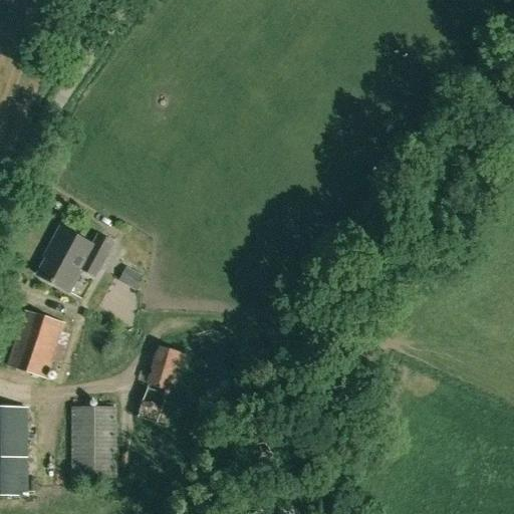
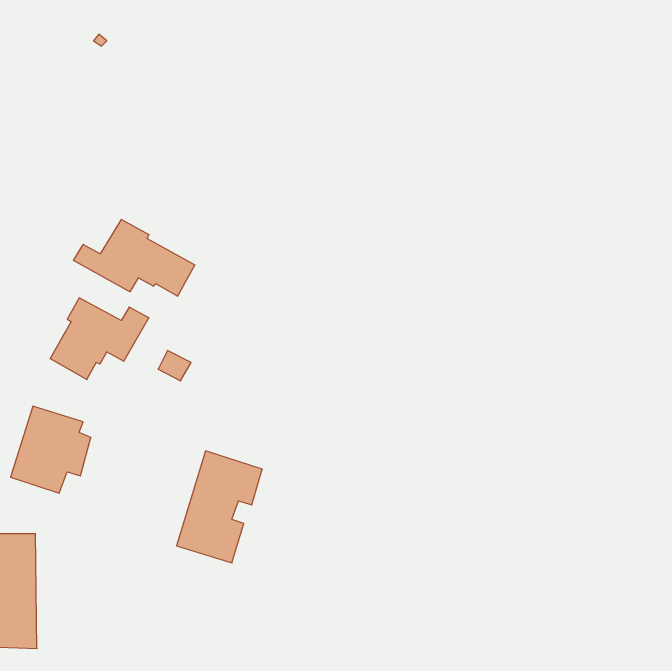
building: none -> [73,219,195,296]
building: [70,406,116,477] -> none

